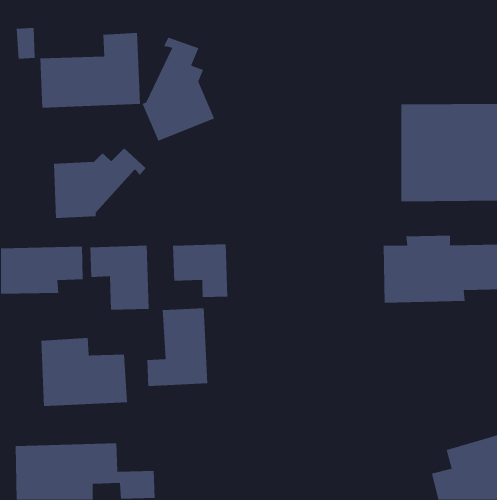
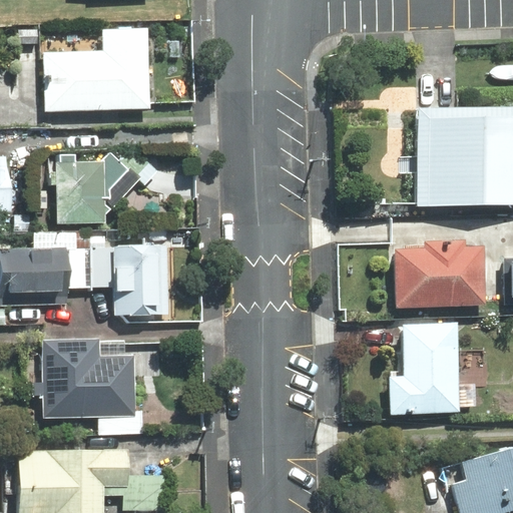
building: [142,37,215,142] -> none
building: [172,244,228,298] -> none
building: [147,307,208,387] -> none
building: none -> [387,321,471,413]

